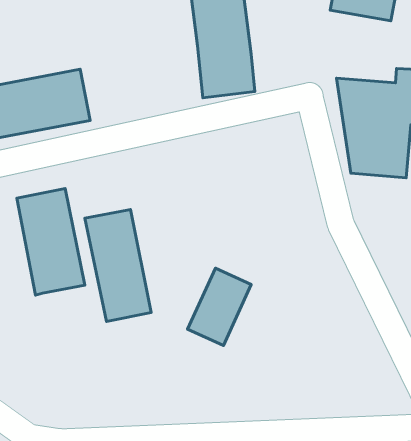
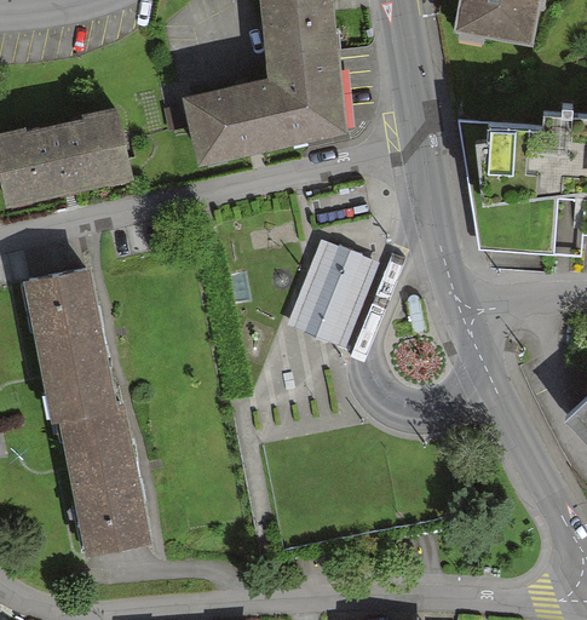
building: none -> [183,79,278,159]
building: [85,209,151,321] -> [62,401,151,552]
building: [188,268,251,345] -> [289,241,375,345]

